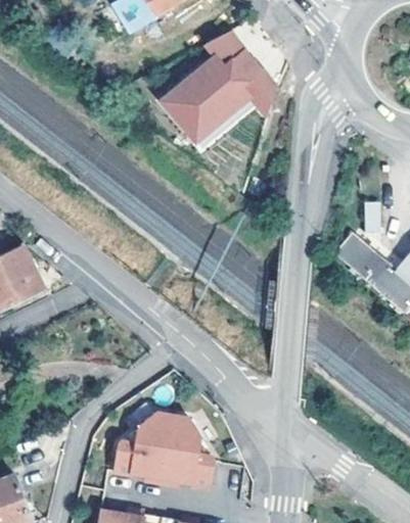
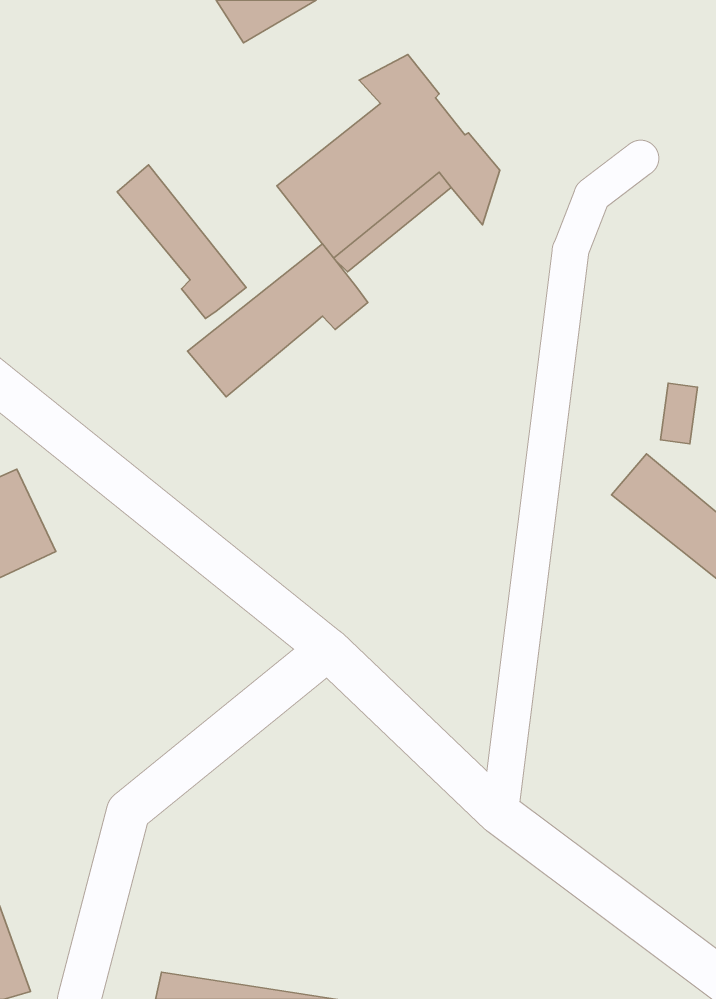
building: none -> [117,165,246,319]
building: none -> [188,244,368,397]
building: [112,413,220,487] -> none

